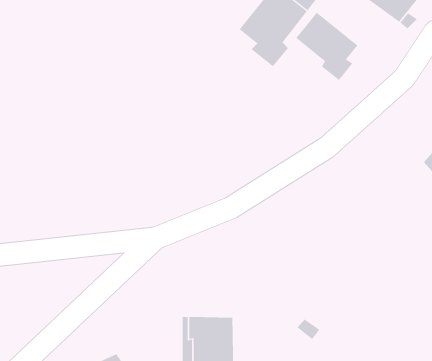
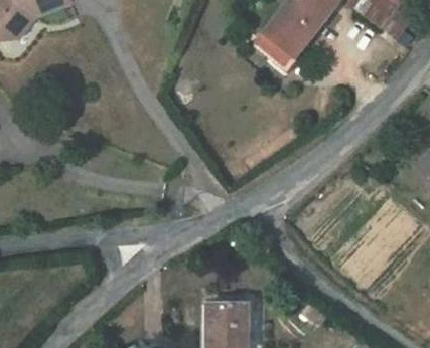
building: [296,12,358,81] -> none

